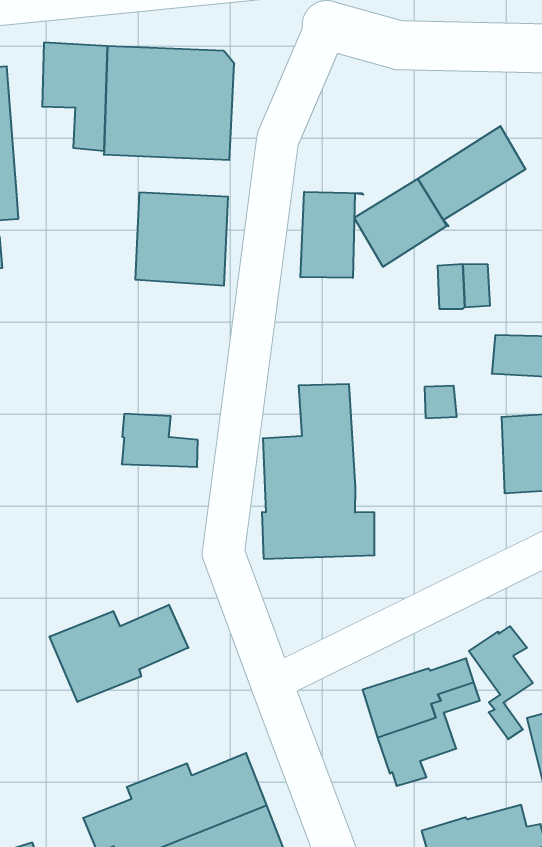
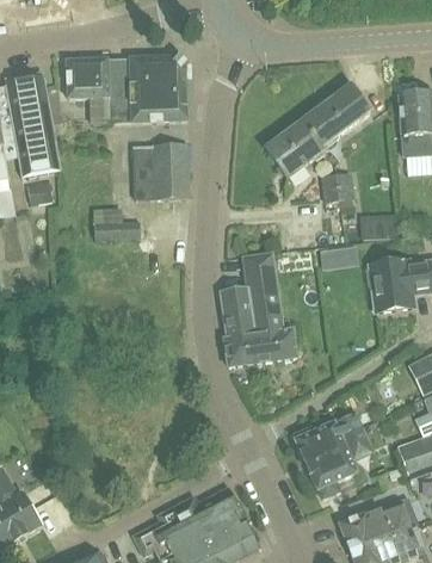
building: [300,192,363,278] -> none
building: [122,414,198,467] -> [92,206,140,239]
building: [50,605,188,702] -> none
building: [469,626,533,739] -> none

